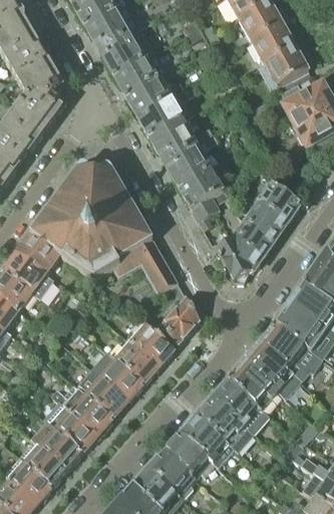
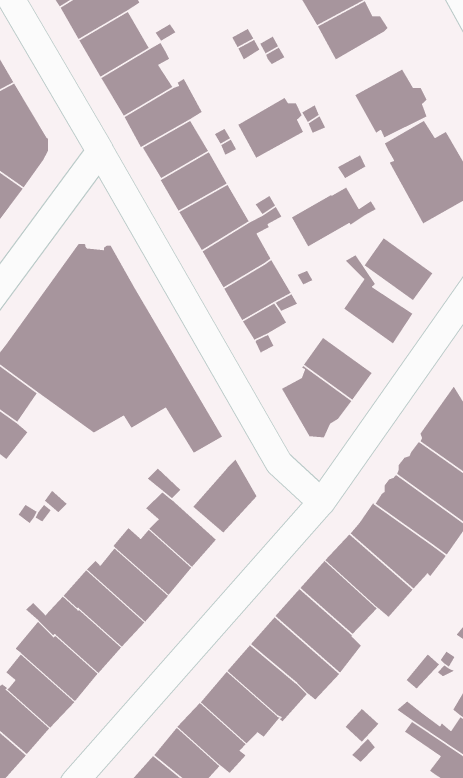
building: [251,21,294,61] -> [237,96,304,159]
building: none -> [291,186,377,247]
building: [243,199,288,240] -> [363,237,433,301]

